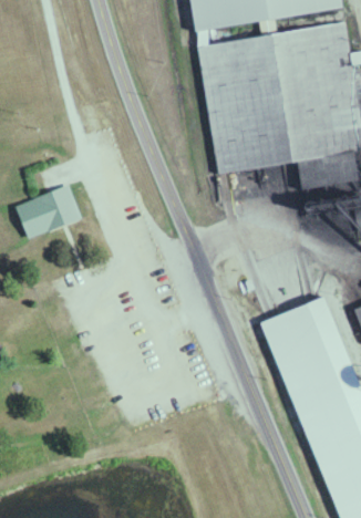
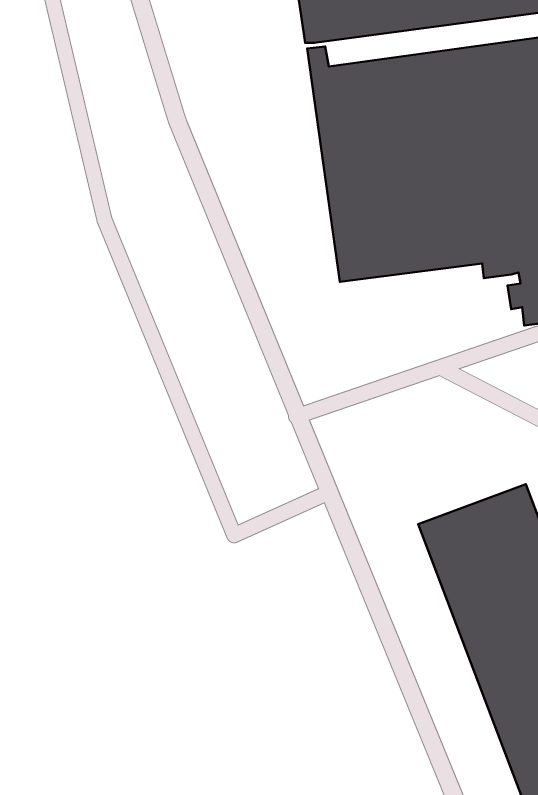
building: [14,184,81,238] -> none

